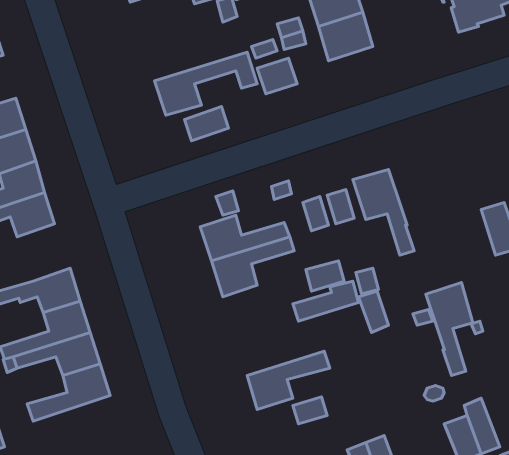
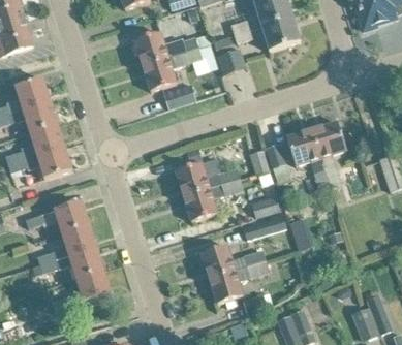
building: none -> [134,32,209,65]
building: [426,283,473,376] -> [311,121,345,188]
building: none -> [200,245,265,278]

